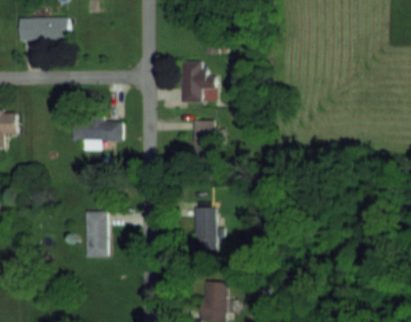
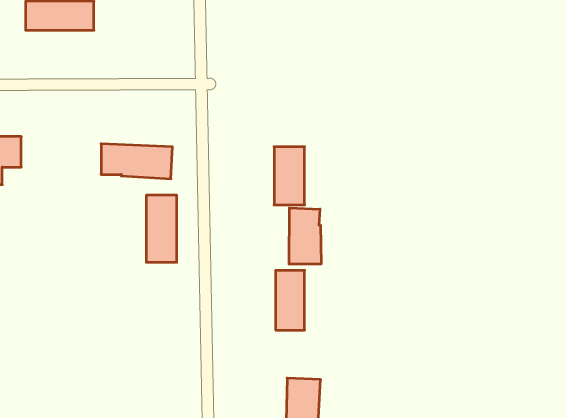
building: [182,61,214,102] -> none
building: none -> [289,208,321,264]
building: [85,210,107,257] -> [146,195,177,262]

